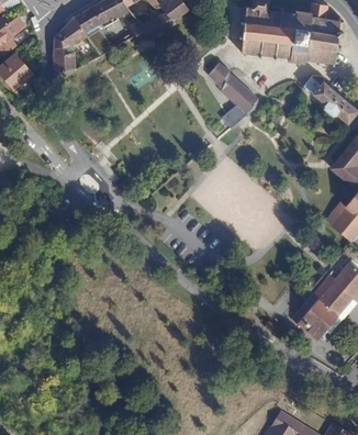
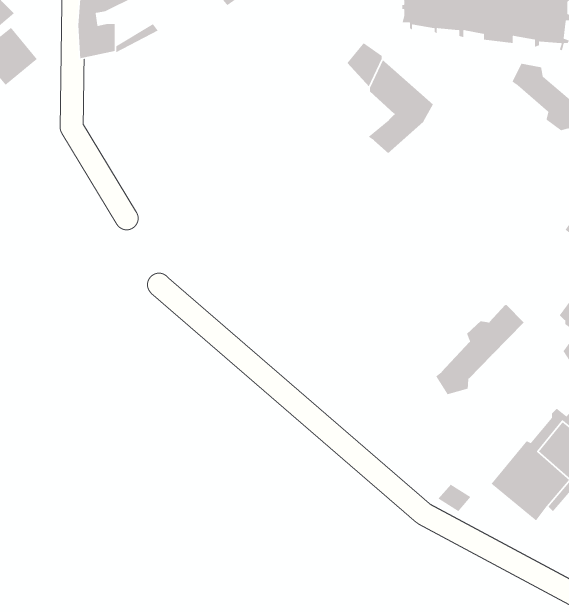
building: none -> [435,304,525,395]

